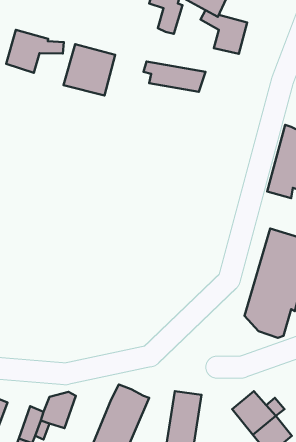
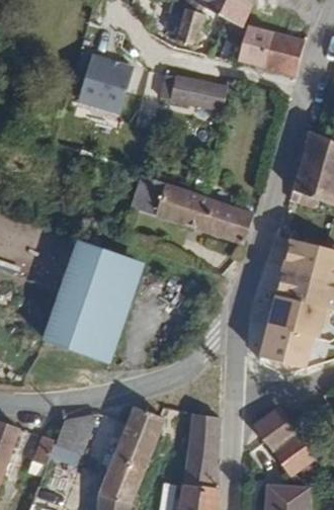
building: none -> [261,24,302,67]
building: [6,30,64,73] -> none
building: none -> [133,182,257,248]
building: none -> [43,249,143,365]

